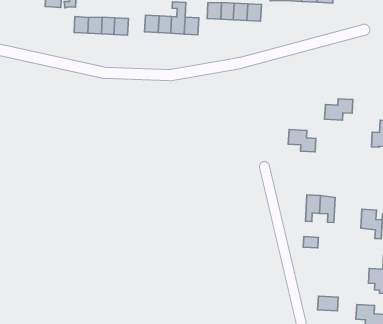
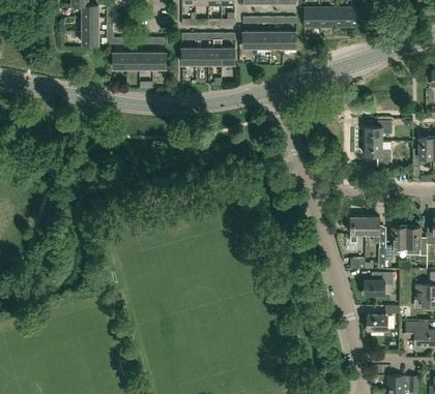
building: [288,130,316,152] -> [365,141,392,161]
building: none -> [385,226,406,260]
building: none -> [365,272,393,295]

